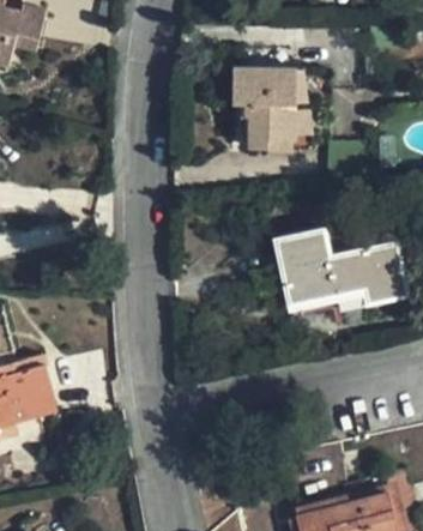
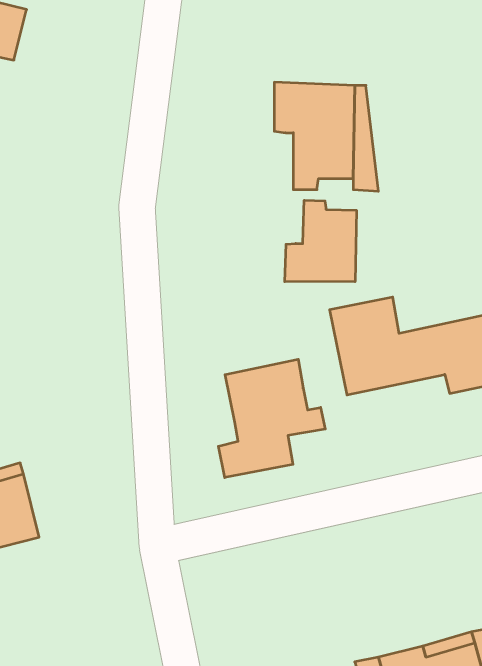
building: none -> [285,200,356,282]
building: none -> [218,359,325,478]

